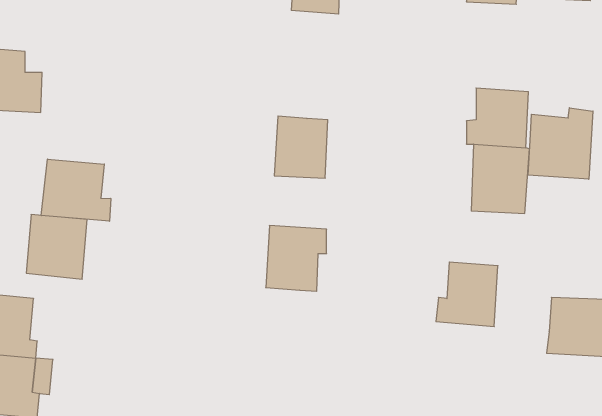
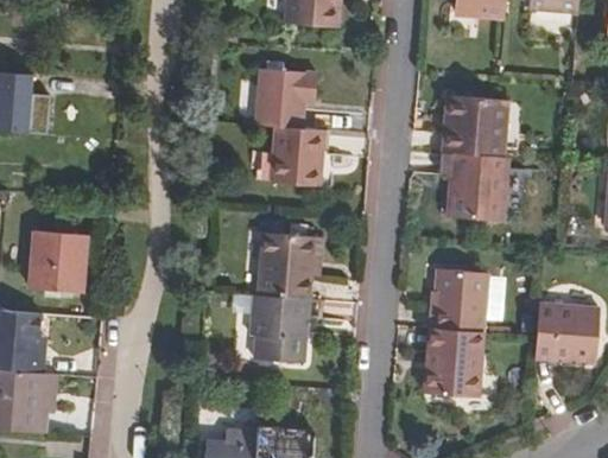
building: none -> [255,74,314,129]
building: [528,108,593,179] -> none
building: [41,159,111,221] -> none
building: none -> [252,294,306,362]
building: none -> [425,327,483,394]

